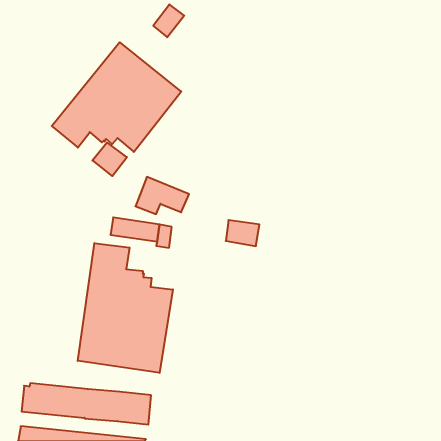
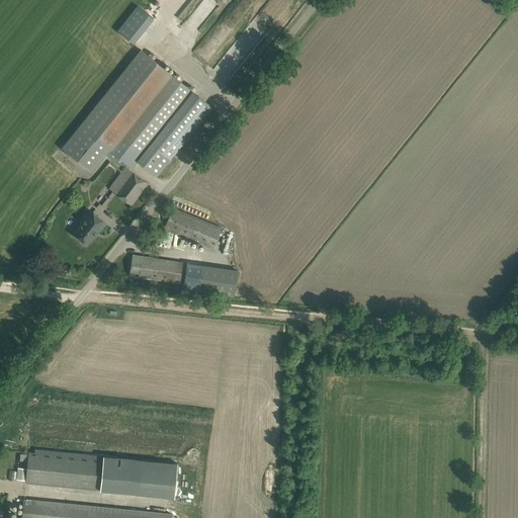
building: [153,4,184,37] -> [117,5,154,44]
building: none -> [73,210,105,244]
building: [226,220,259,246] -> [198,266,238,296]
building: [78,243,173,373] -> none

